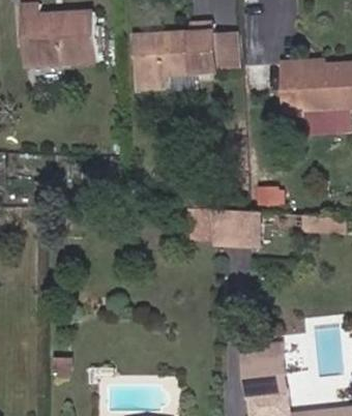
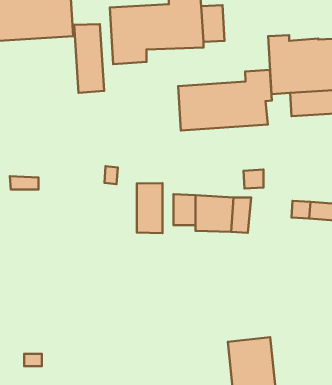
building: none -> [74,24,104,93]
building: none -> [178,70,272,130]
building: none -> [137,183,163,233]

